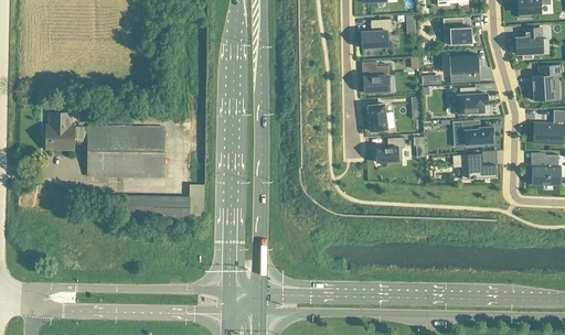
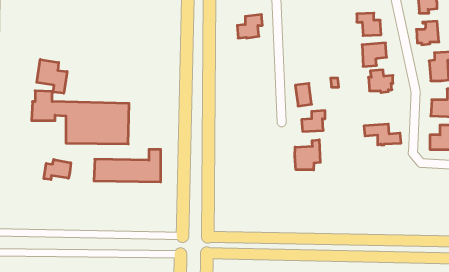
building: [361,19,392,47] -> [237,15,262,38]
building: [363,62,388,93] -> none
building: none -> [37,59,67,93]
building: [452,120,493,147] -> none
building: none -> [295,140,320,170]
building: none -> [44,159,71,180]

